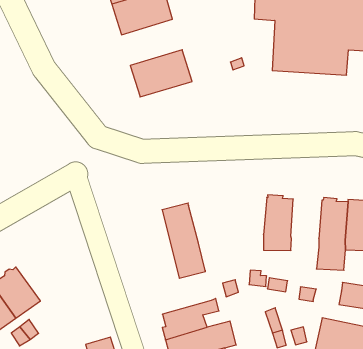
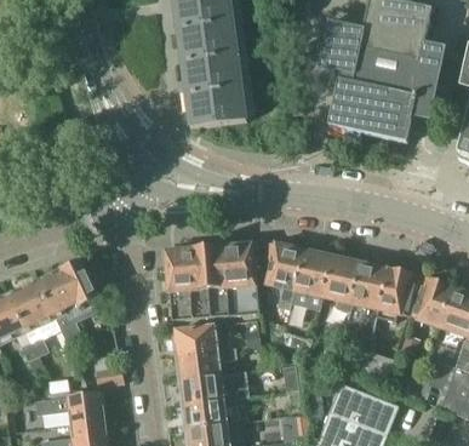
building: none -> [183,53,242,93]
building: none -> [265,240,303,309]
building: none -> [322,255,360,310]
building: none -> [223,241,258,319]
building: none -> [162,246,201,321]
building: none -> [36,259,105,342]
building: none -> [171,324,230,353]

